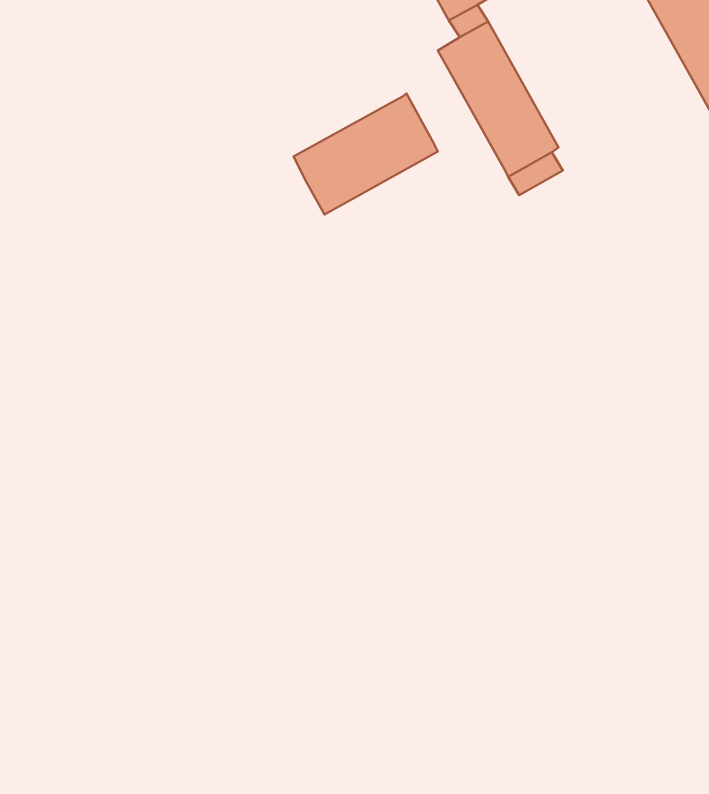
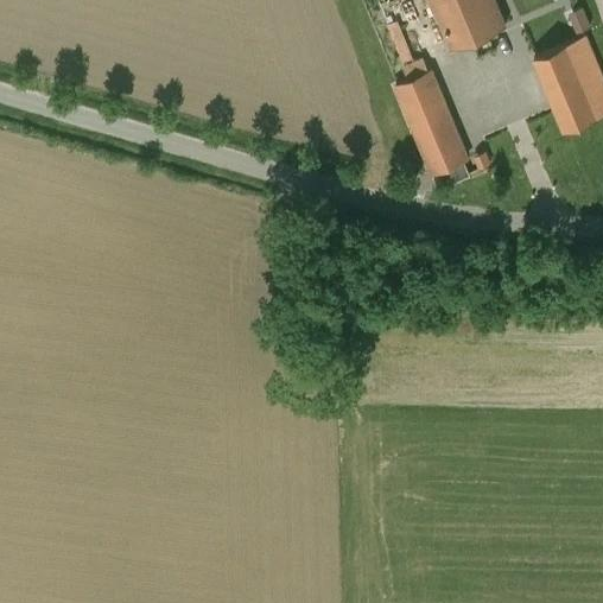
building: [293,94,438,215] -> none

